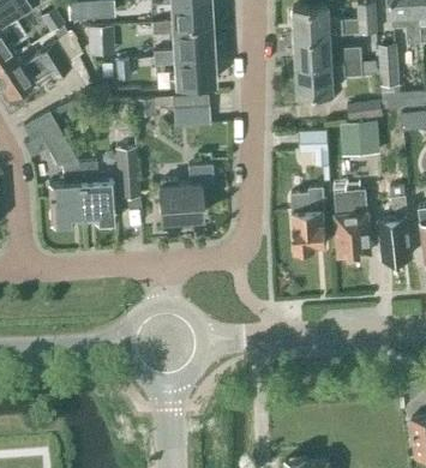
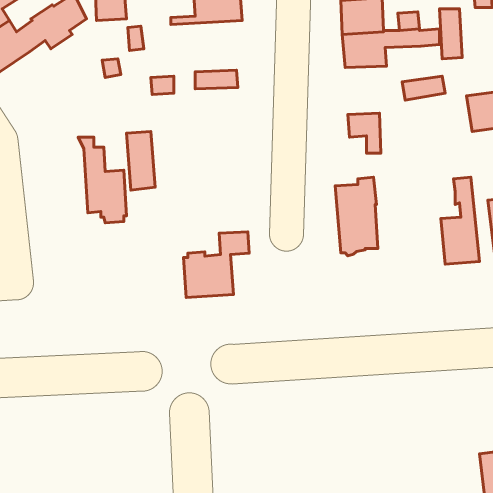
building: [152,55,214,85] -> none
building: [23,113,83,228] -> none
building: [341,122,380,158] -> none
building: [158,166,214,221] -> [183,232,249,297]
building: [335,191,371,258] -> none

